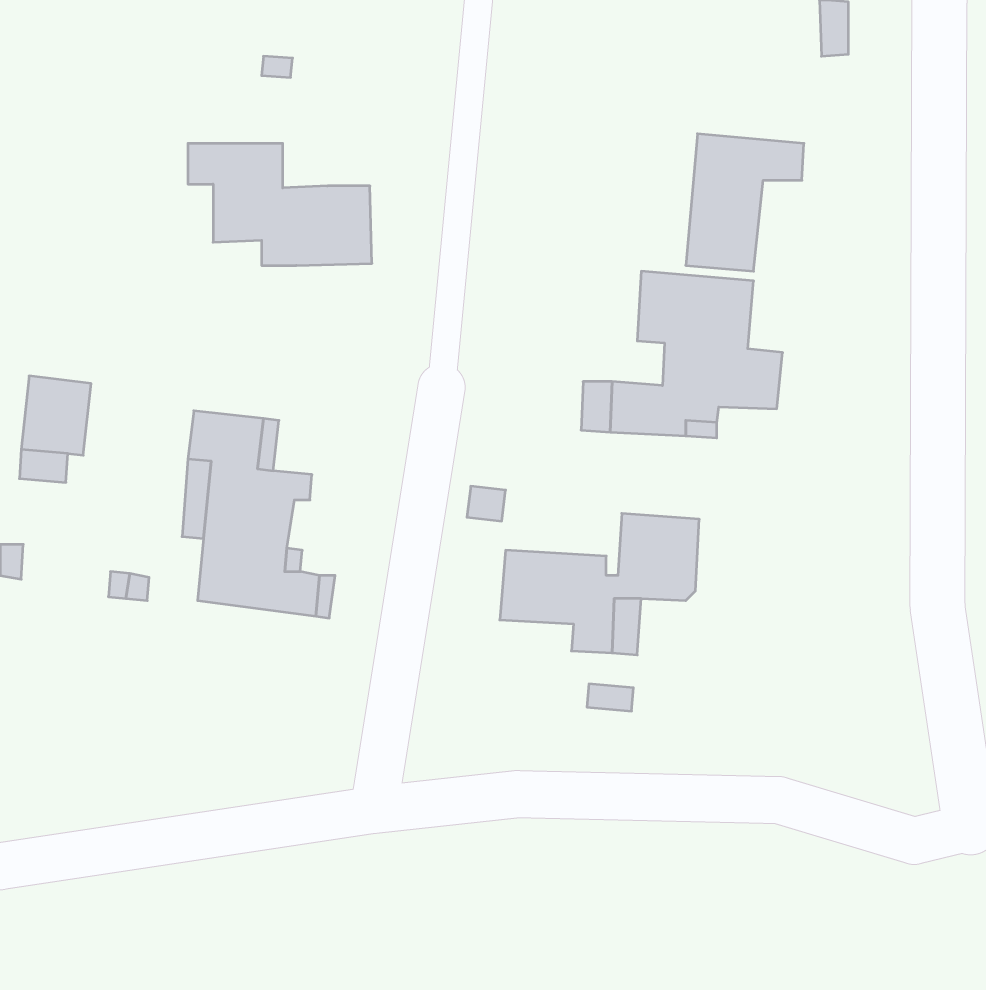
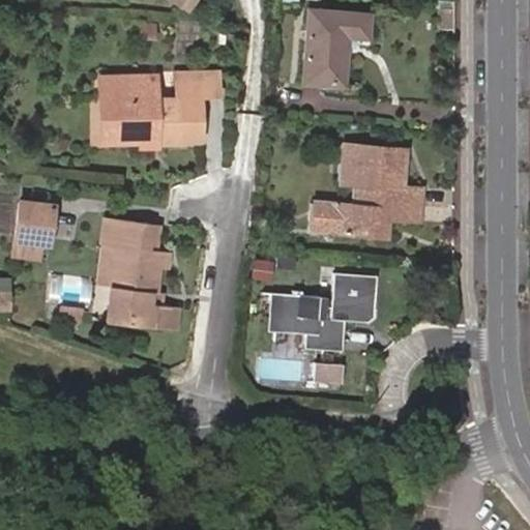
building: [686,134,804,271] -> [305,10,369,84]
building: none -> [177,72,218,99]
building: none -> [102,98,142,142]

